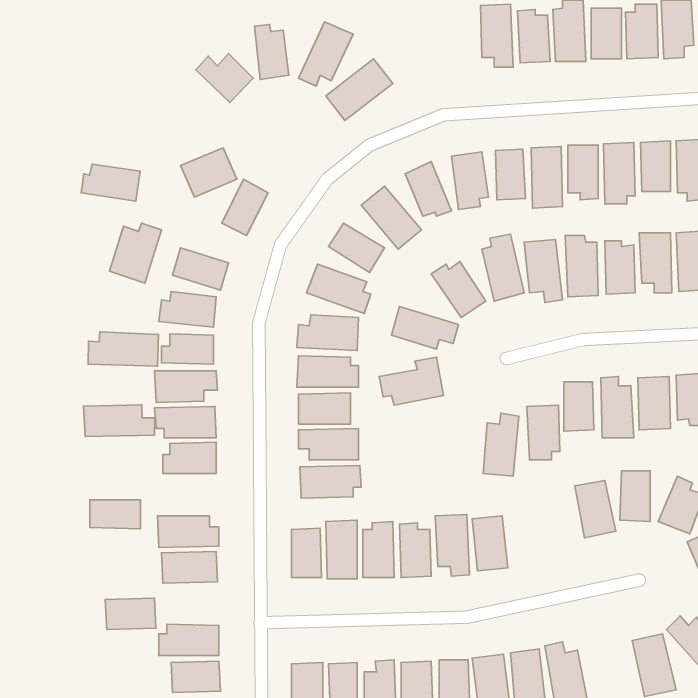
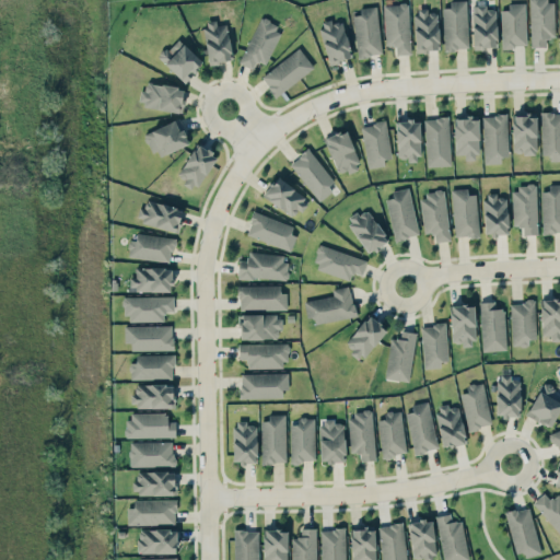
building: none -> [353,7,383,58]
building: none -> [318,20,353,63]
building: [81,164,140,201] -> [139,83,186,113]
building: [110,223,161,283] -> none
building: [88,332,158,366] -> none
building: none -> [345,316,387,360]
building: [83,405,155,437] -> none
building: [90,500,140,529] -> [133,385,174,408]
building: none -> [408,402,438,454]
building: none -> [438,406,465,447]
building: [105,598,156,630] -> [136,471,176,497]

